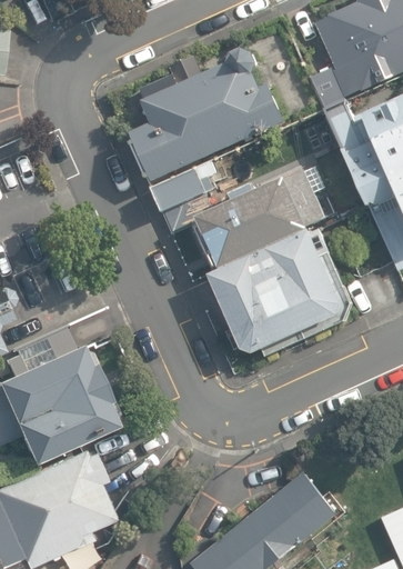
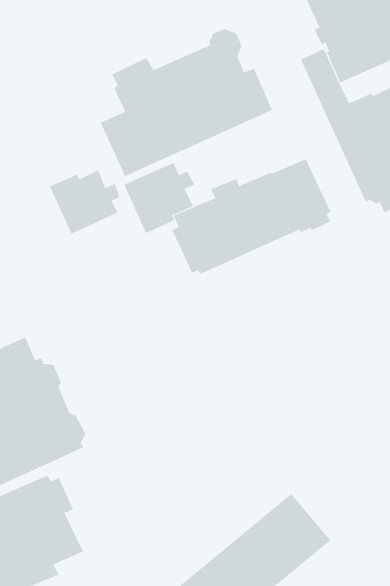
building: none -> [49,169,120,235]
building: [209,230,353,359] -> none

